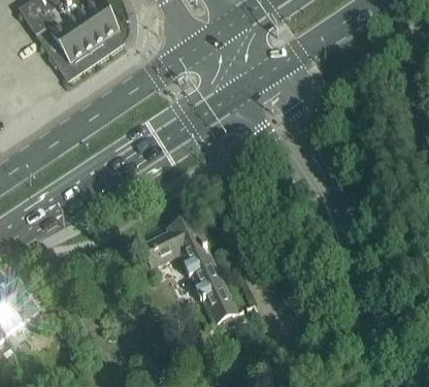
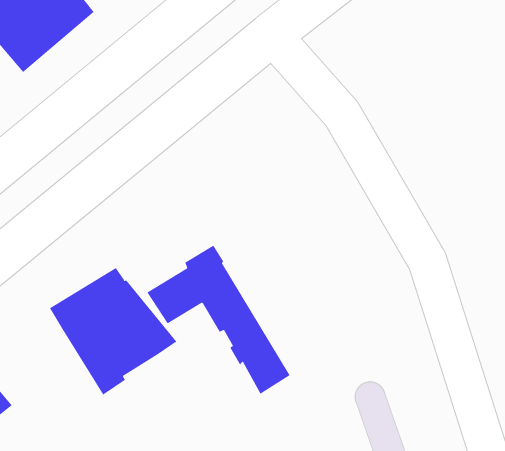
building: none -> [49,267,177,396]

